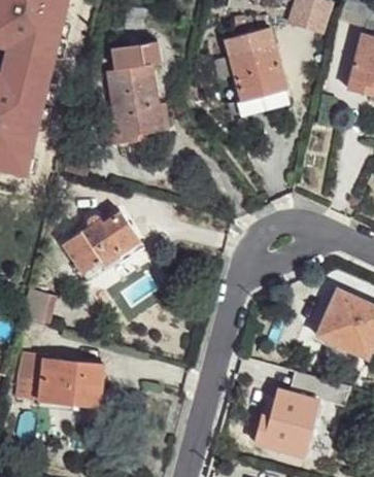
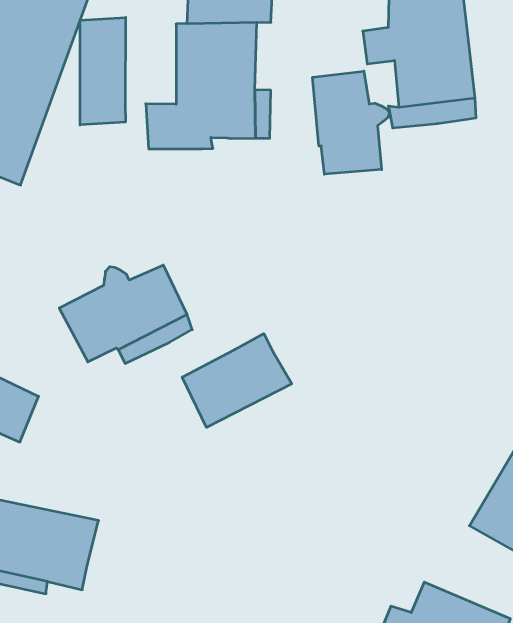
building: none -> [80,17,126,125]
building: none -> [313,71,390,174]
building: none -> [182,334,292,427]

